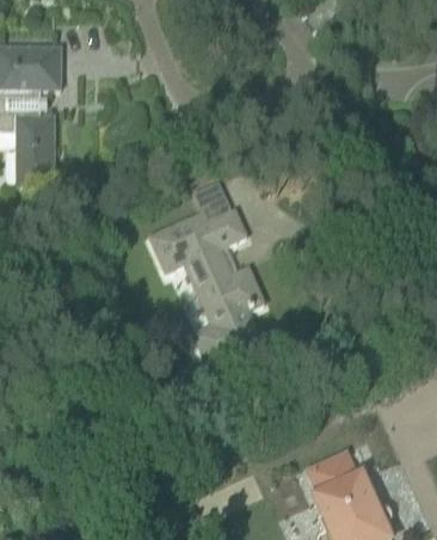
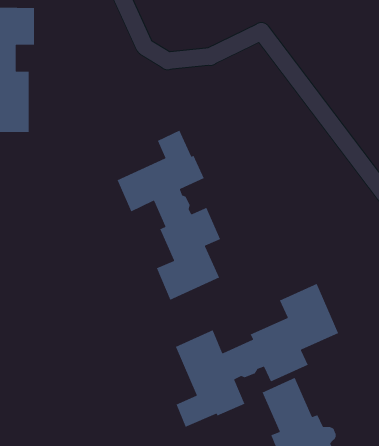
building: none -> [175,283,339,428]

